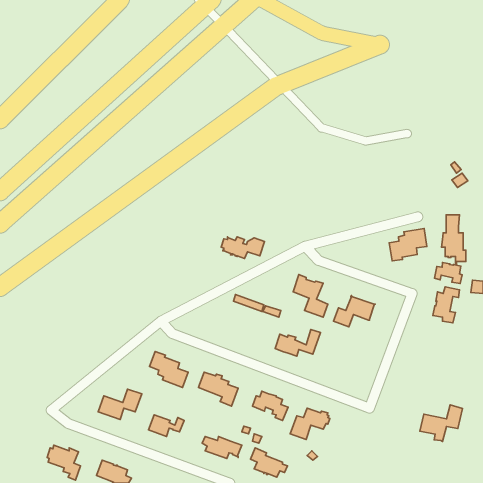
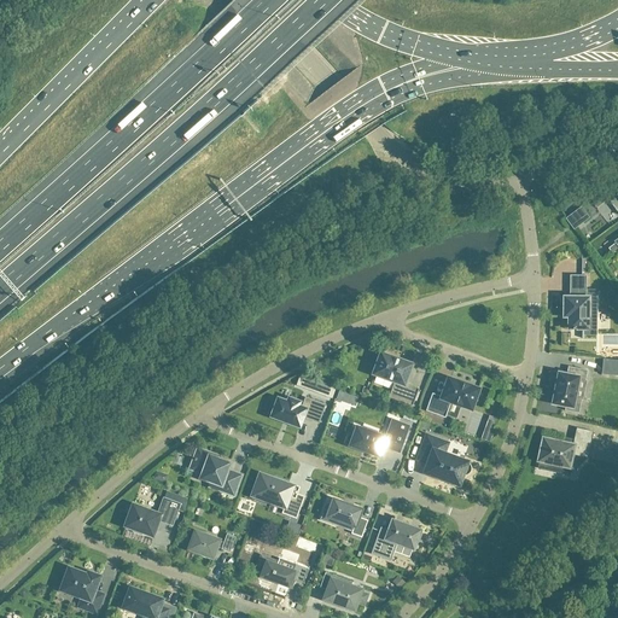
building: [389,228,427,261] -> none
building: [221,237,264,259] -> [269,397,325,425]
building: [434,262,462,283] -> none
building: none -> [419,436,472,484]
building: [420,405,462,442] -> [538,426,593,473]

